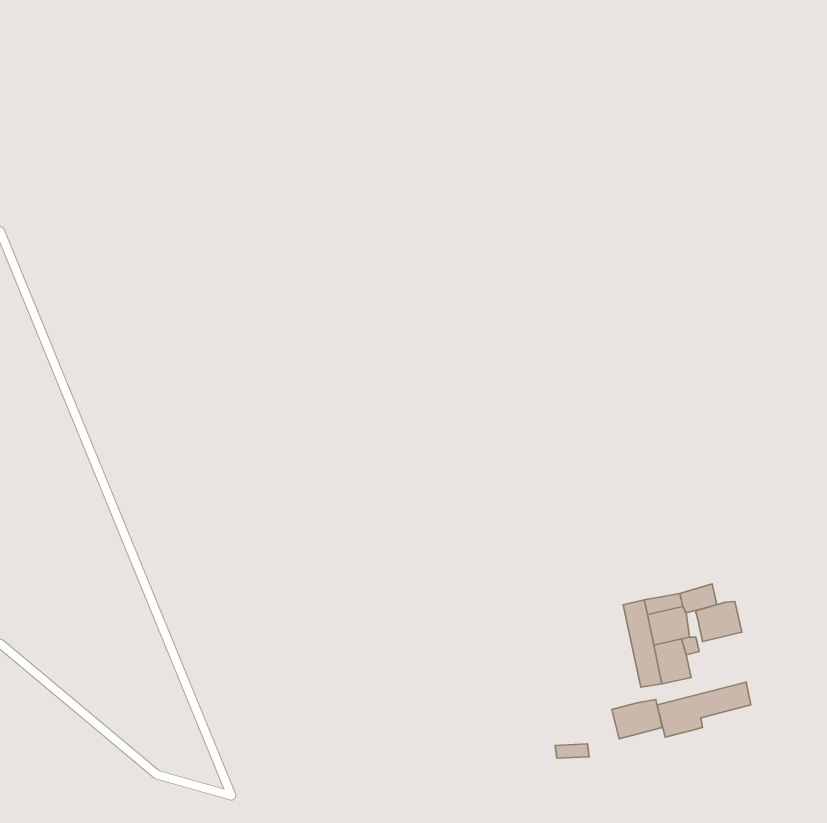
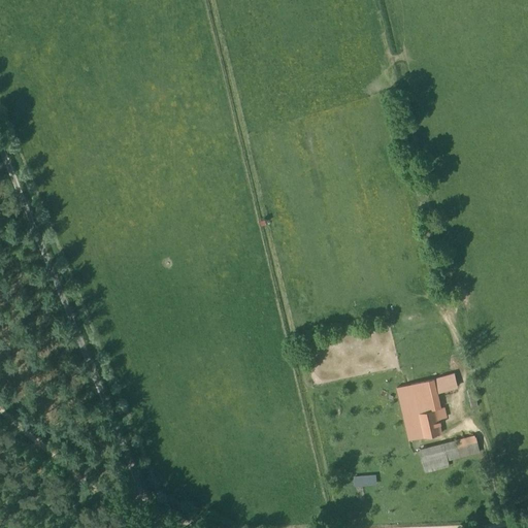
building: [696,602,742,642] -> none
building: [612,700,662,739] -> none

